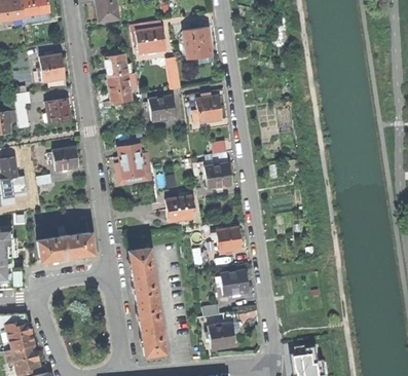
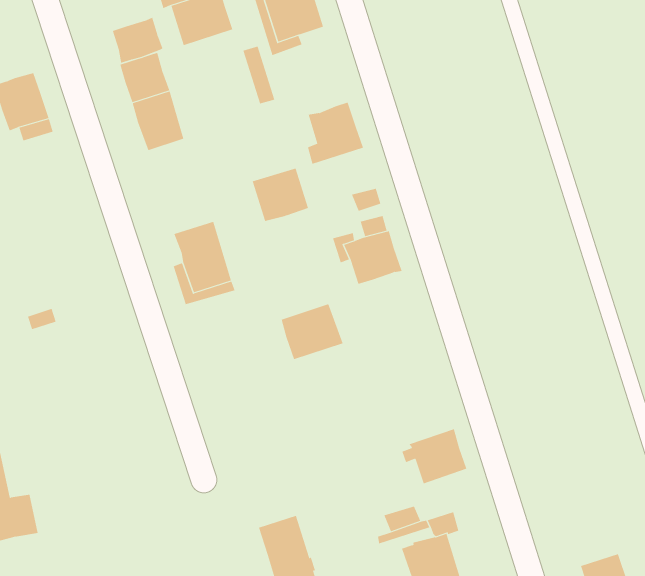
building: none -> [112,17,163,63]
building: [149,96,176,120] -> [252,168,309,222]
building: [46,98,71,123] -> none
building: [52,147,78,170] -> none
building: [216,226,242,252] -> none
building: [37,232,94,261] -> none
building: [128,248,157,303] -> none

